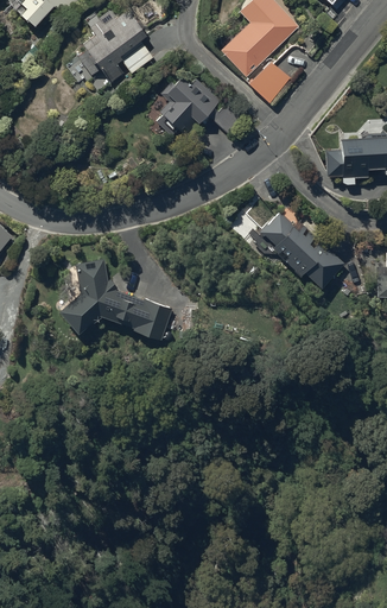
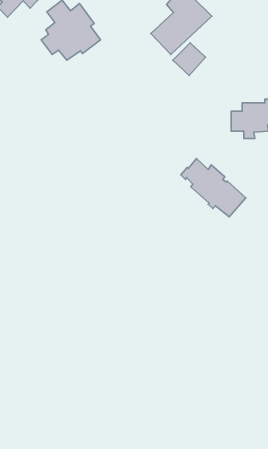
building: [156,77,242,135] -> none
building: [59,259,171,340] -> none

